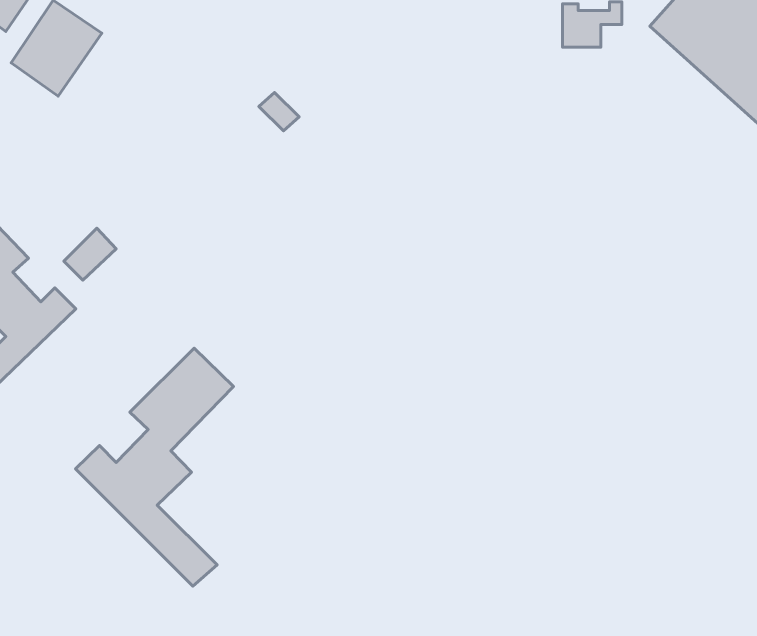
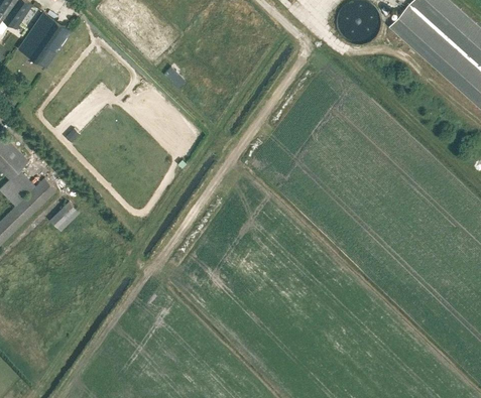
building: [64,228,116,280] -> [49,200,80,230]
building: [75,348,233,586] -> none

